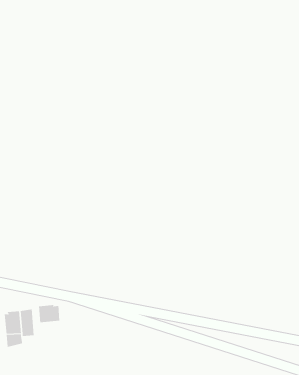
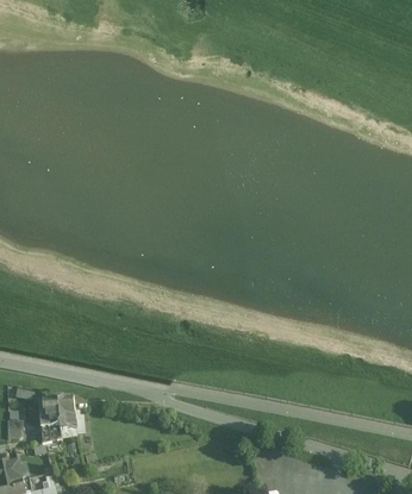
building: [39,304,60,323] -> none

